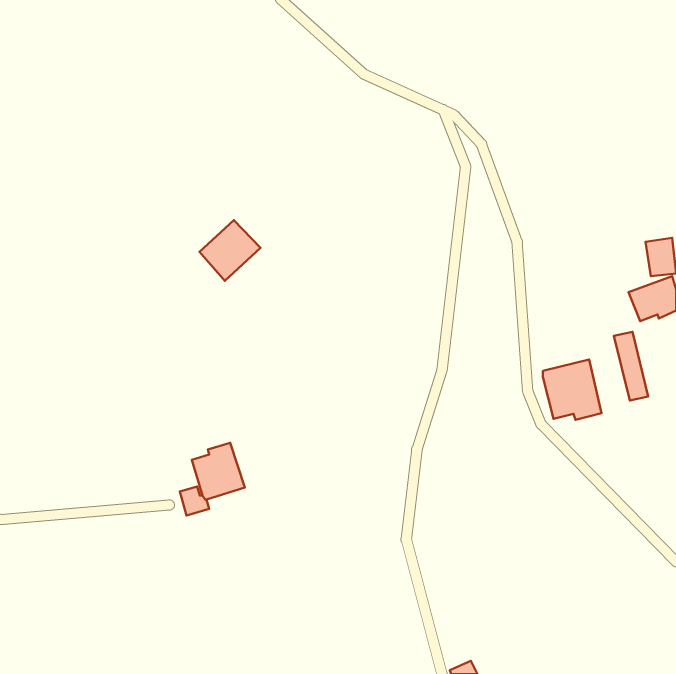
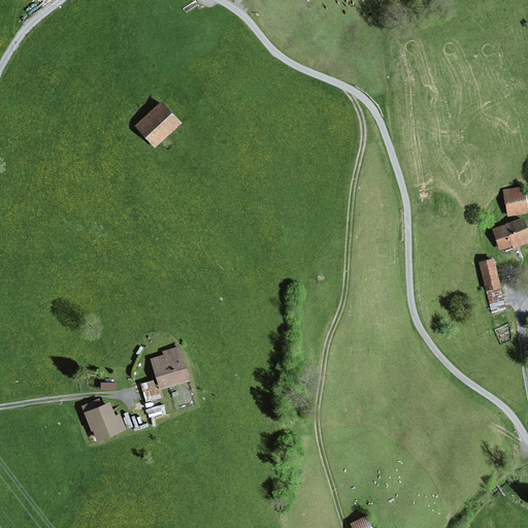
building: [200,220,260,281] -> [134,101,182,148]
building: [543,360,601,420] -> none
building: none -> [80,398,127,441]

